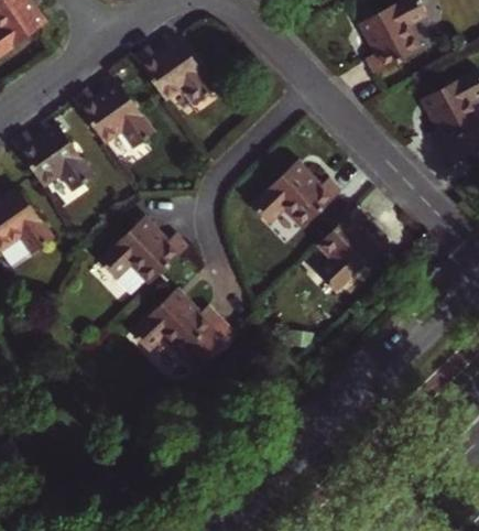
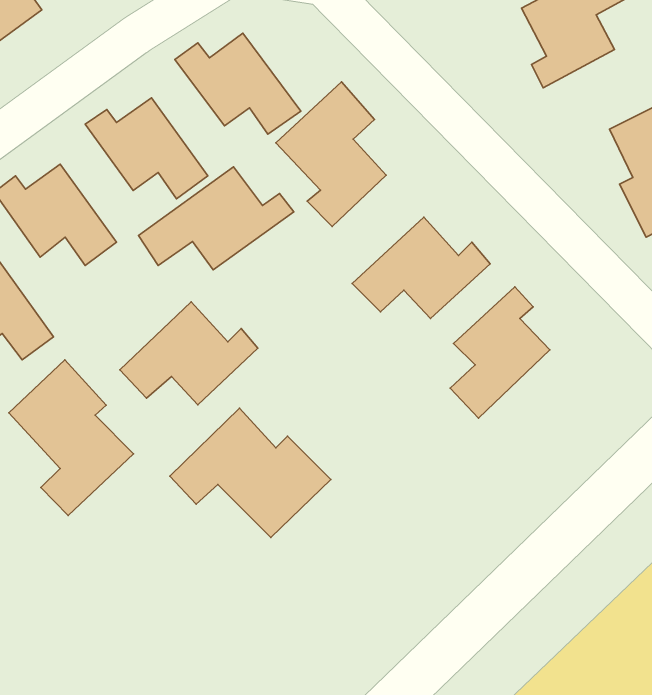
building: none -> [276,82,386,226]
building: none -> [138,167,294,270]
building: none -> [9,360,134,515]

